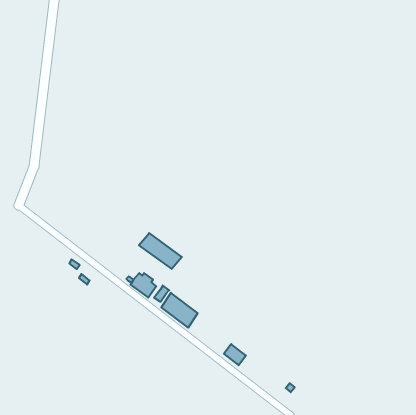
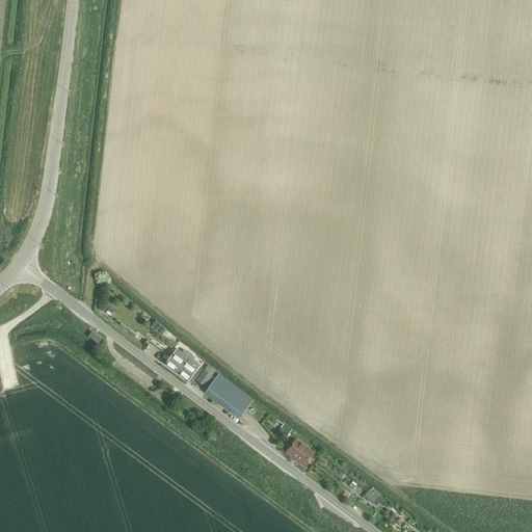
building: [139,233,182,269] -> none

